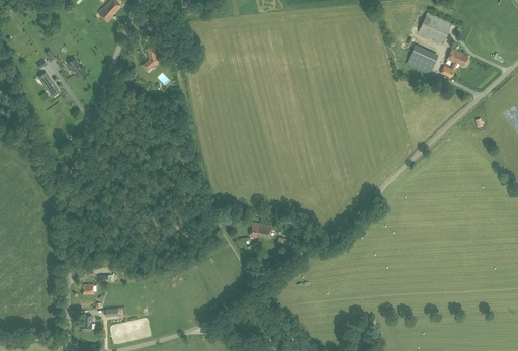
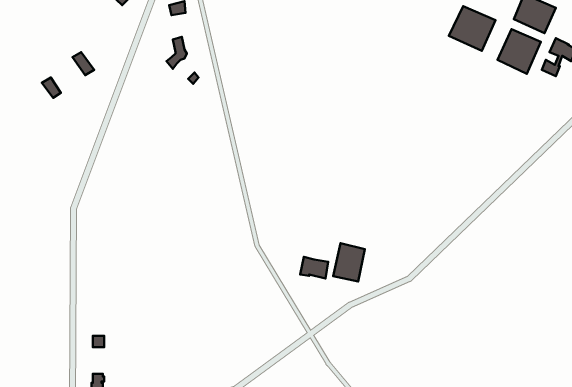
building: none -> [449,6,495,51]
building: none -> [333,243,365,282]

